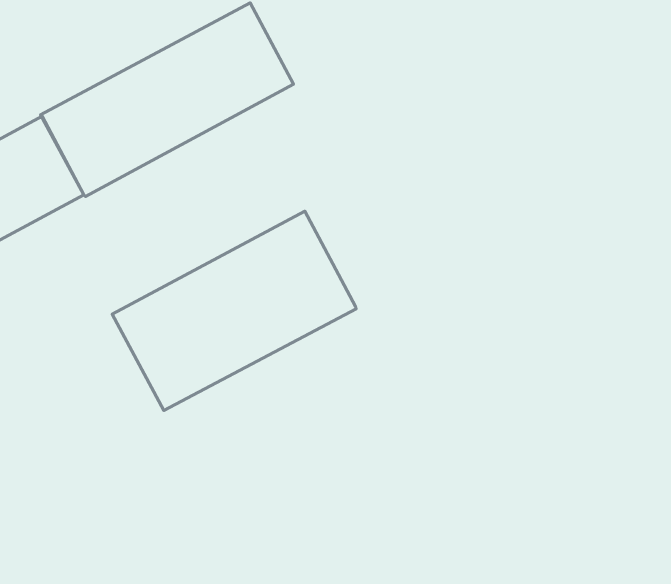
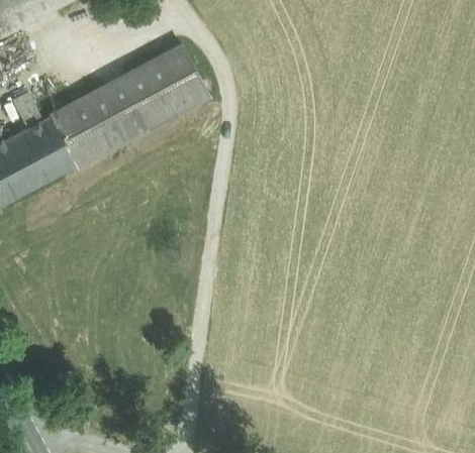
building: [112,211,356,411] -> none

